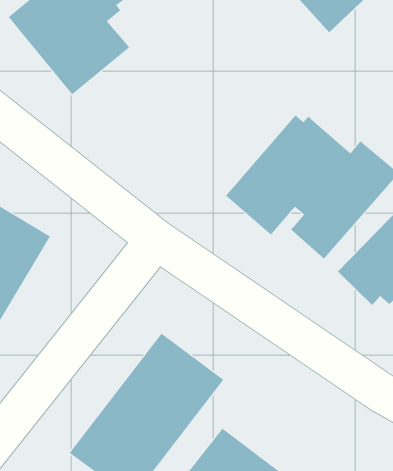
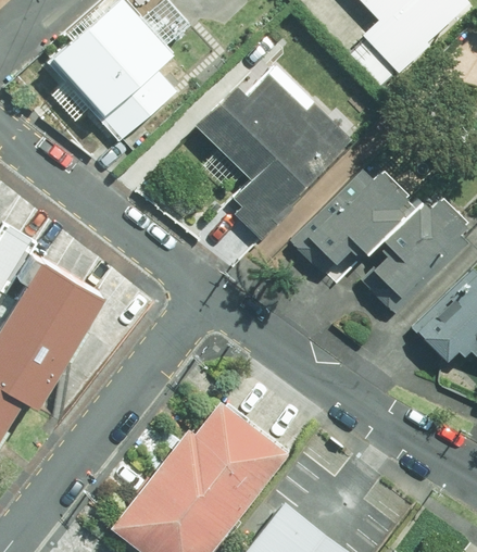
building: none -> [196,65,354,249]

